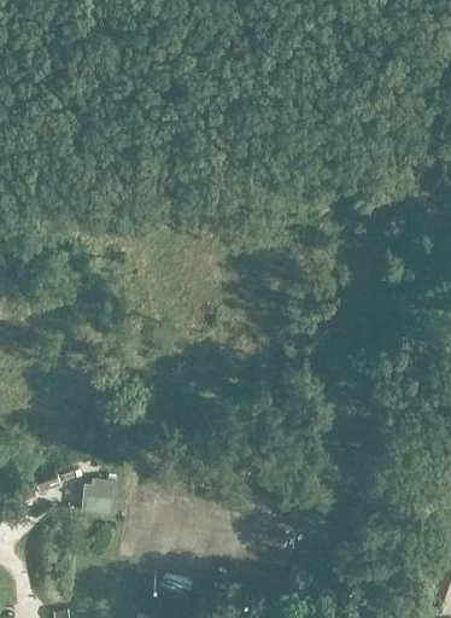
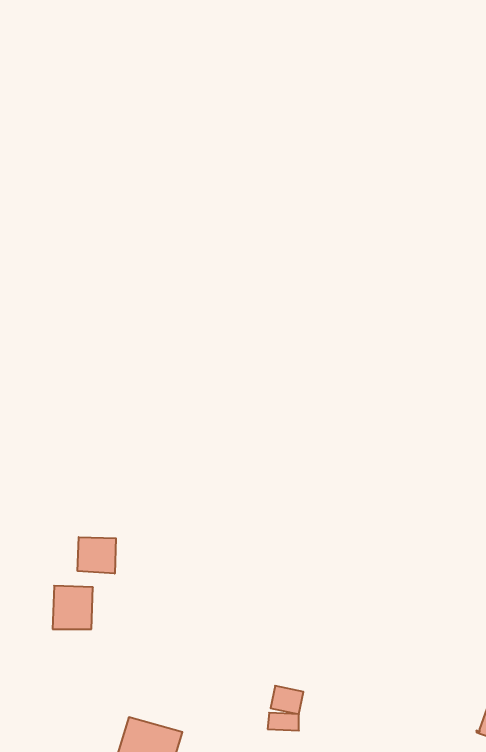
building: none -> [78,537,116,574]

